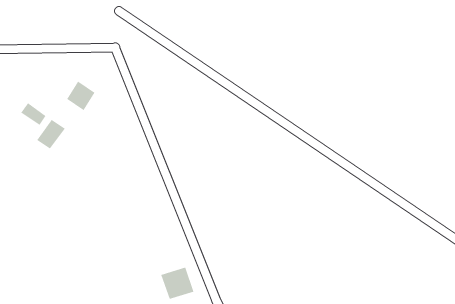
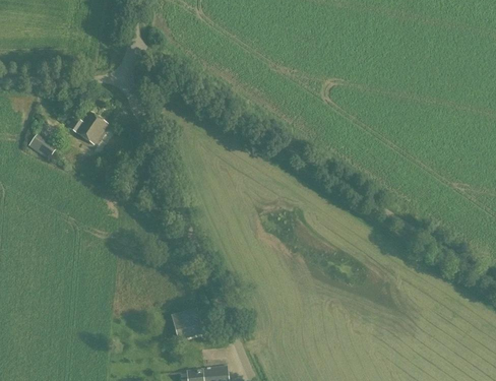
building: [36,119,66,150] -> none

